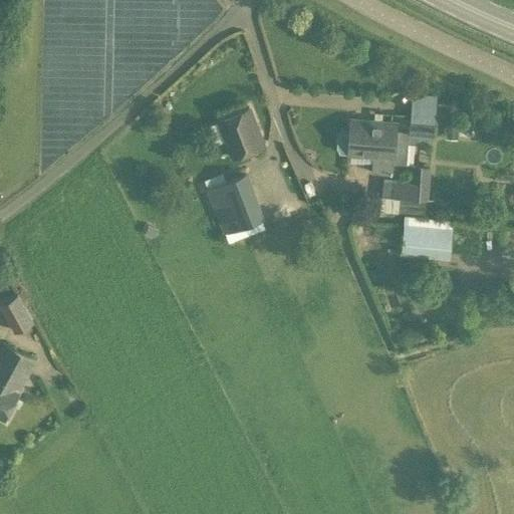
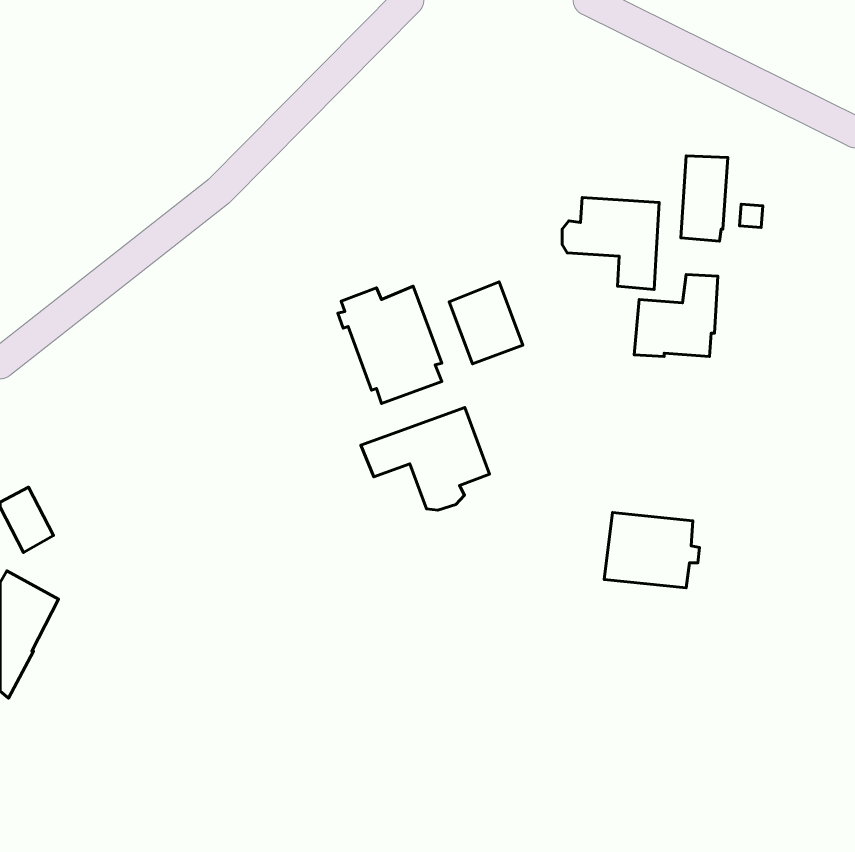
building: [219,107,263,157] -> [449,282,523,364]
building: [400,216,457,261] -> [604,512,699,588]
building: none -> [361,407,490,510]

